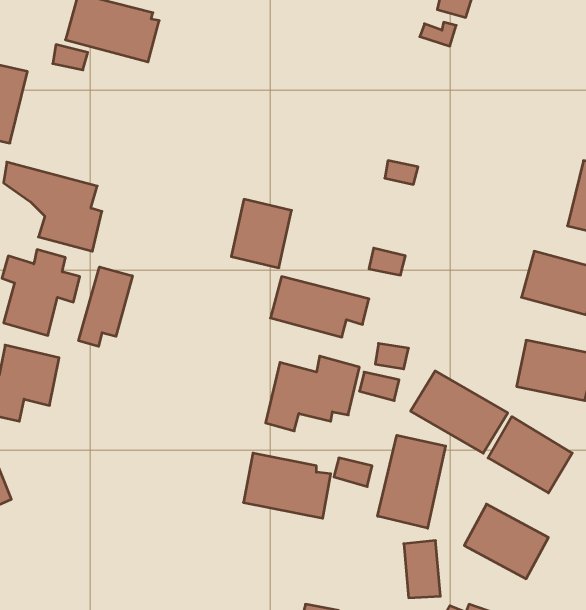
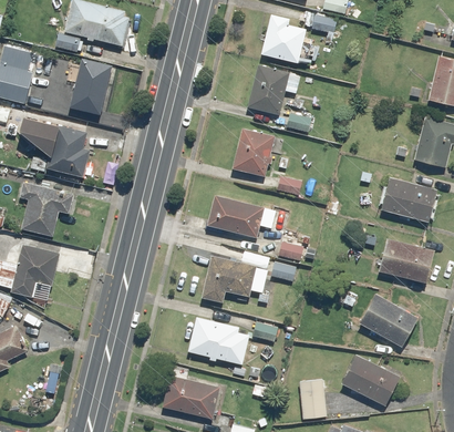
building: none -> [262,16,314,65]
building: none -> [70,59,113,115]
building: none -> [247,66,289,116]
building: [231,199,292,268] -> [233,128,275,176]
building: [79,267,132,346] -> none
building: [411,371,508,453] -> none
building: [378,435,446,528] -> none
building: none -> [163,378,219,418]

